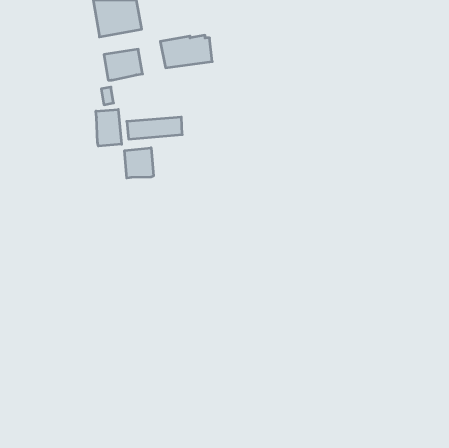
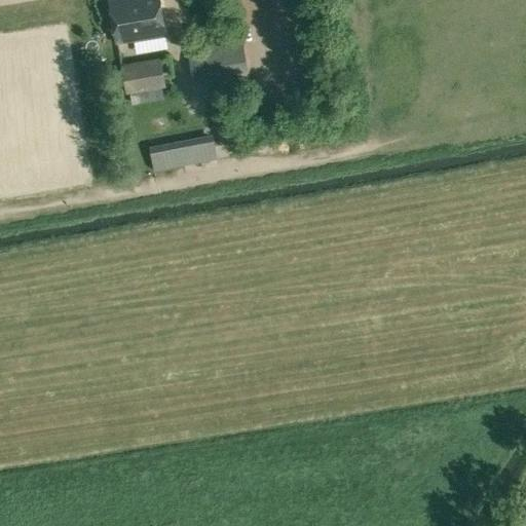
building: [96,109,122,146] -> none
building: [125,148,153,178] -> none

